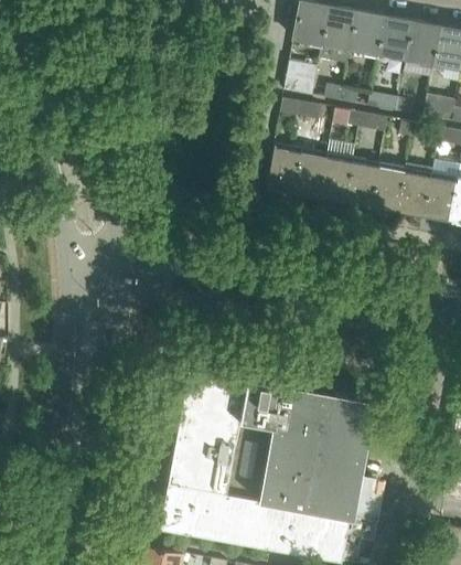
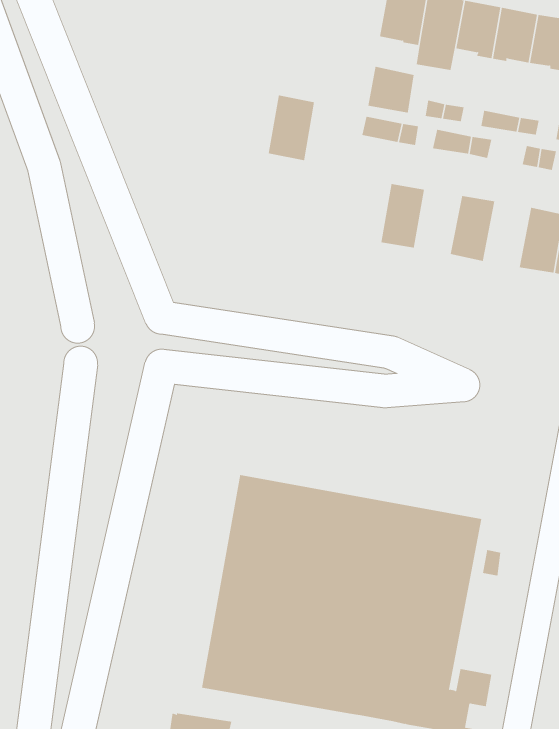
building: [266,143,301,193] -> [268,95,315,161]
building: [319,153,354,202] -> none
building: [371,162,406,212] -> none

